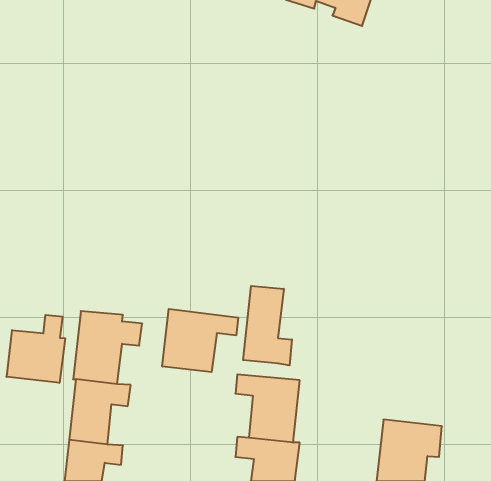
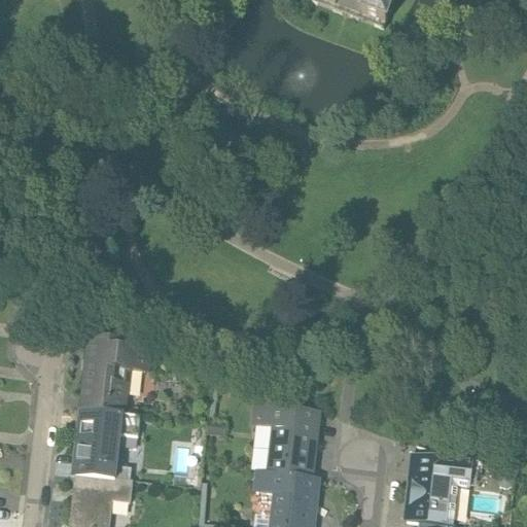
building: [243,286,292,365] -> none
building: [162,309,238,372] -> none
building: [7,315,65,383] -> none

